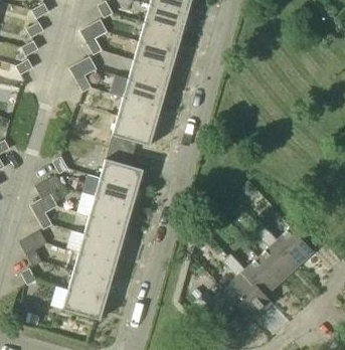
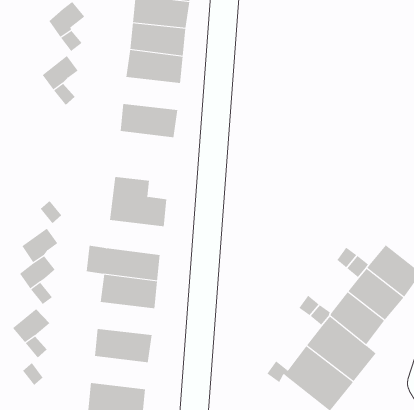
building: [110,75,166,109] -> none
building: [109,117,155,155] -> none
building: [95,178,138,208] -> none
building: [78,234,122,264] -> none
building: [67,272,111,301] -> none

